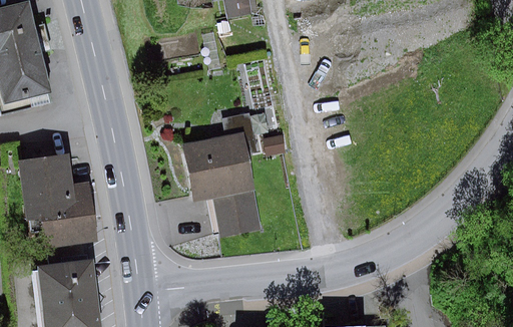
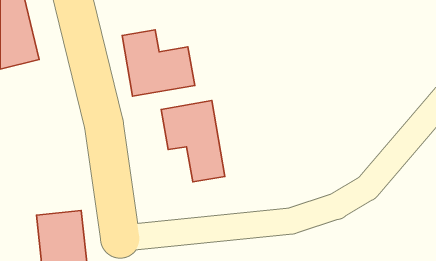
building: none -> [122,30,195,96]
building: [23,150,99,252] -> none

